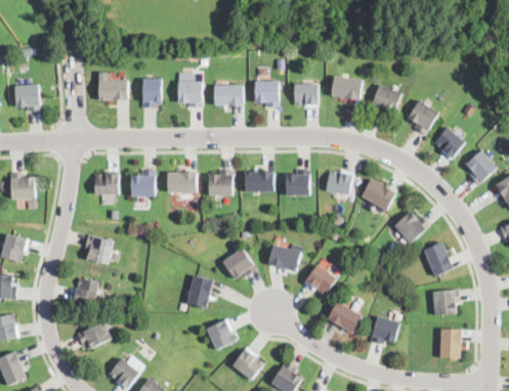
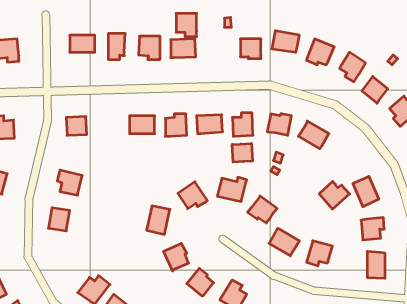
building: [255,81,279,107] -> [176,13,197,37]
building: [130,170,154,197] -> none
building: none -> [232,143,252,162]
building: [394,211,429,243] -> [319,181,350,209]
building: [77,321,112,349] -> none

